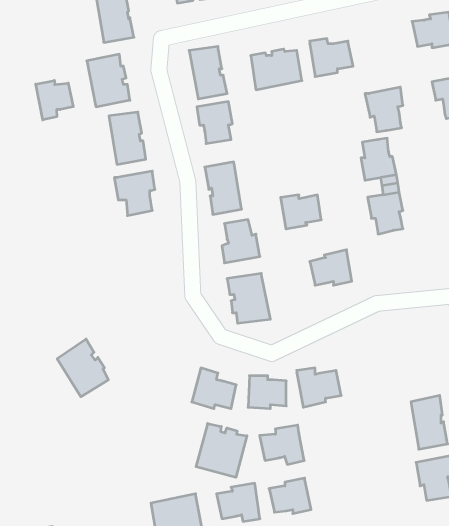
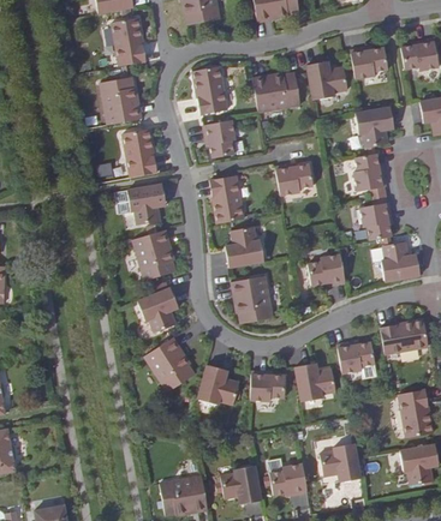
building: none -> [348,46,387,78]
building: [36,80,73,120] -> none
building: [281,195,321,229] -> [274,163,311,194]
building: none -> [135,228,174,279]
building: none -> [382,240,418,281]
building: none -> [139,287,177,330]
building: none -> [379,319,427,353]
building: [57,339,108,397] -> [145,336,192,389]
building: none -> [342,340,381,372]
building: [196,423,247,477] -> none
building: [260,425,304,464] -> [320,450,360,486]

